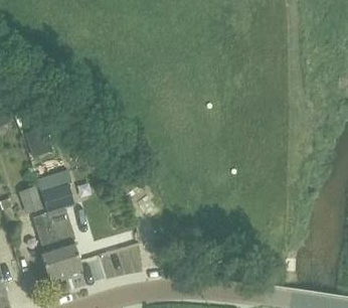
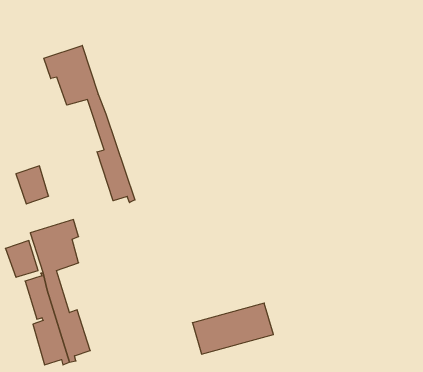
building: none -> [44,45,135,203]
building: [83,244,146,283] -> [192,303,273,354]

